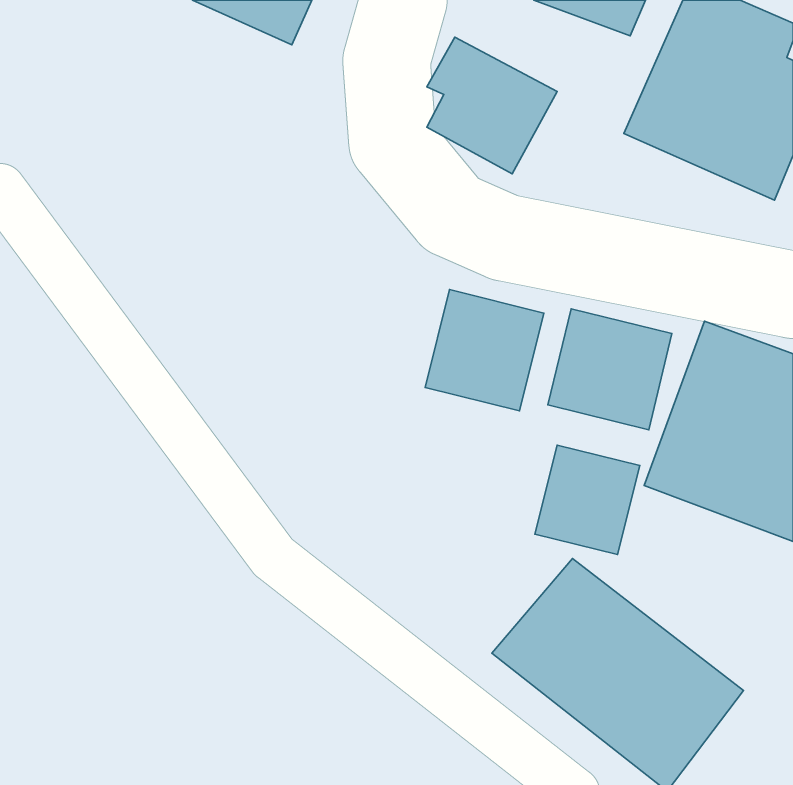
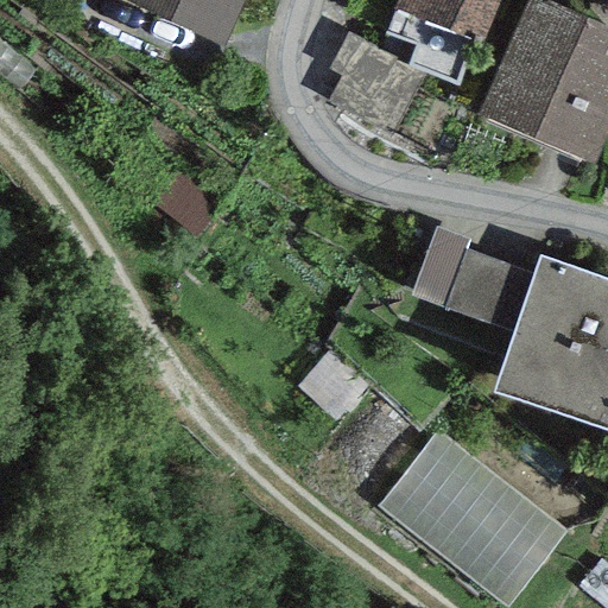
building: [425,289,544,411] -> none
building: [535,445,640,554] -> none

